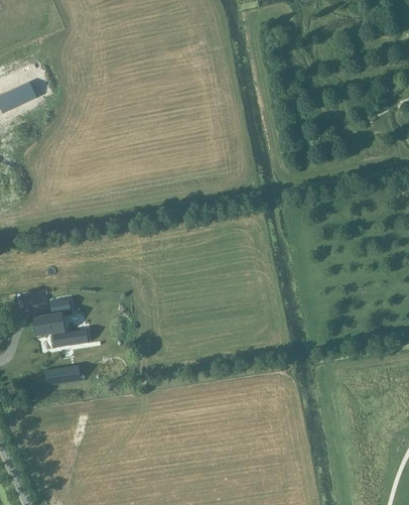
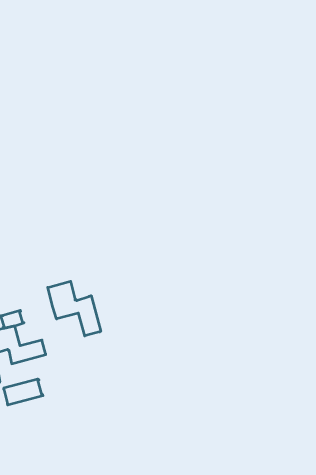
building: none -> [48,281,101,336]

